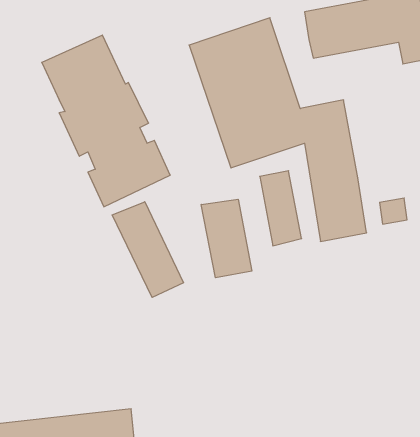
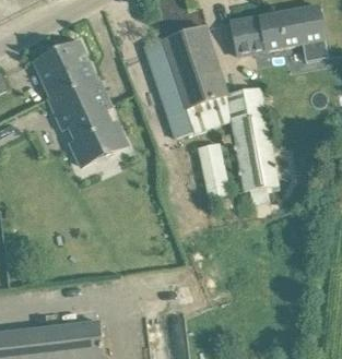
building: [201,199,252,278] -> none
building: [112,202,183,297] -> none

